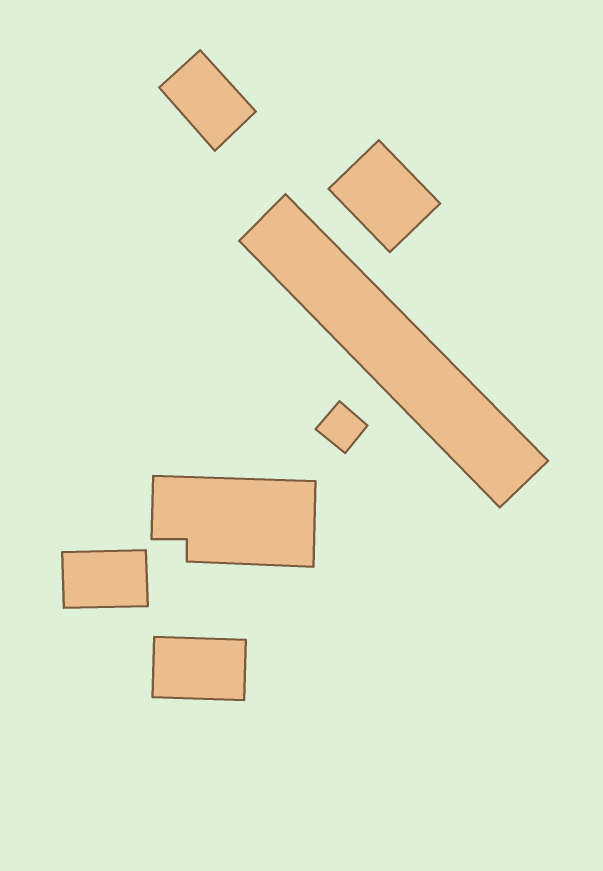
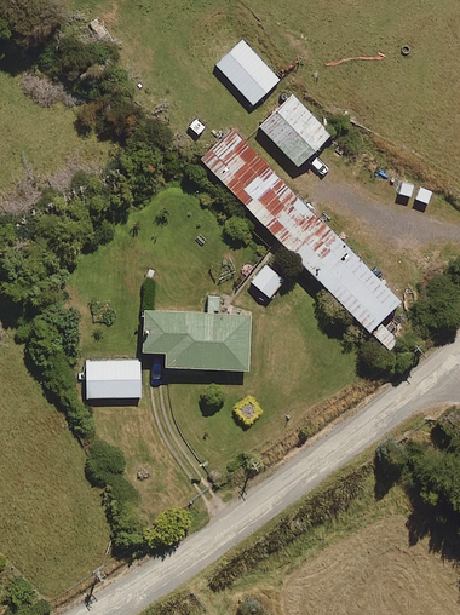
building: [159,50,256,151] -> [215,39,278,104]
building: [152,637,246,700] -> none

